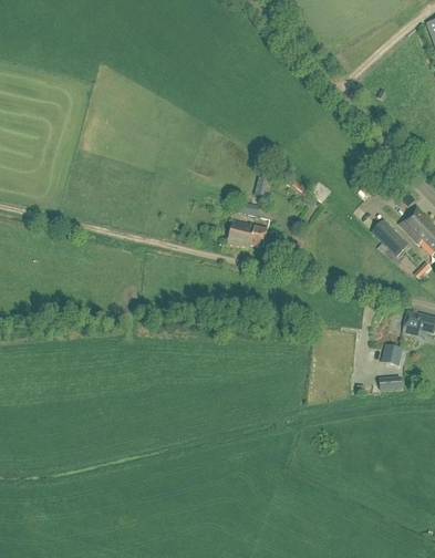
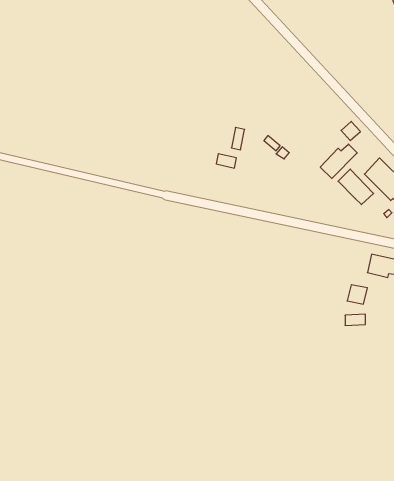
building: none -> [320,144,357,178]
building: [227,219,268,247] -> none

